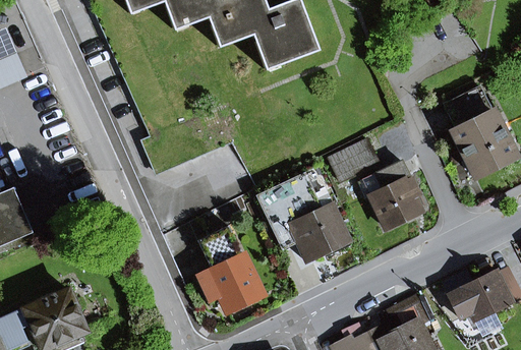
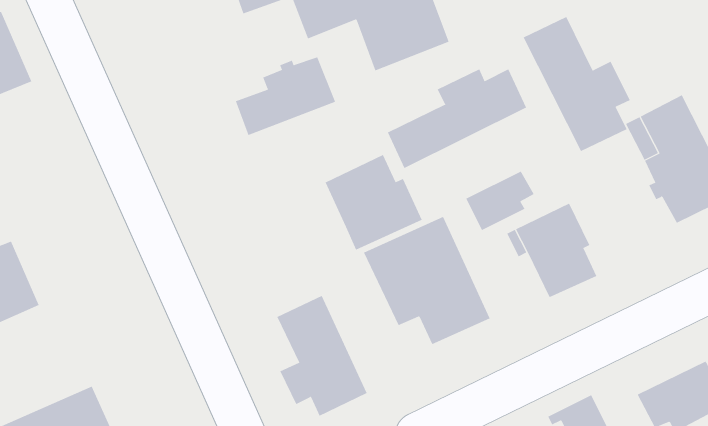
building: none -> [523,16,631,152]
building: none -> [235,56,336,136]
building: none -> [387,68,527,169]
building: none -> [325,154,423,251]

